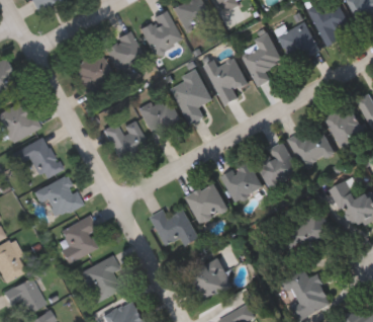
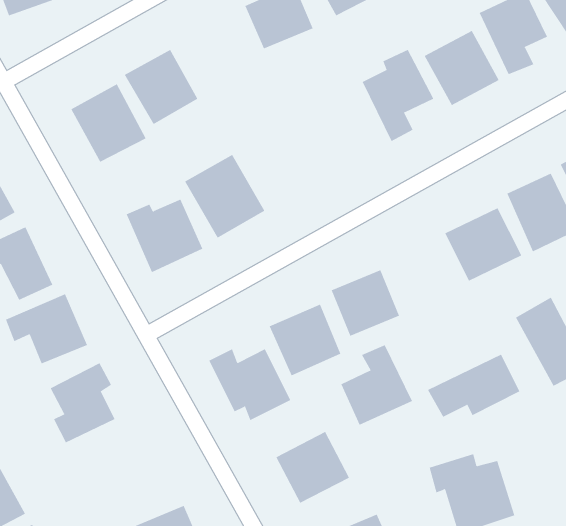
building: [138,11,182,56] -> none
building: [205,57,248,105] -> none
building: [172,71,213,125] -> none
building: [260,141,302,188] -> [340,344,413,425]
building: [80,255,120,303] -> none

